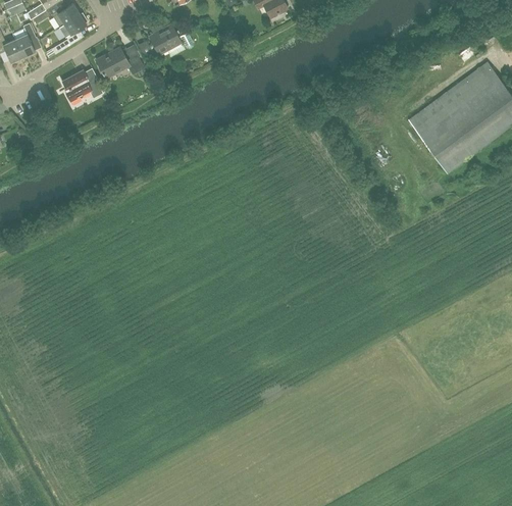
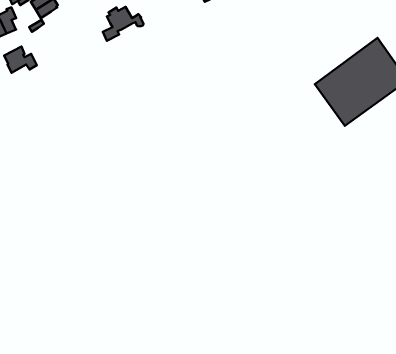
building: [96,48,144,79] -> none
building: [61,69,102,102] -> [4,47,37,73]

